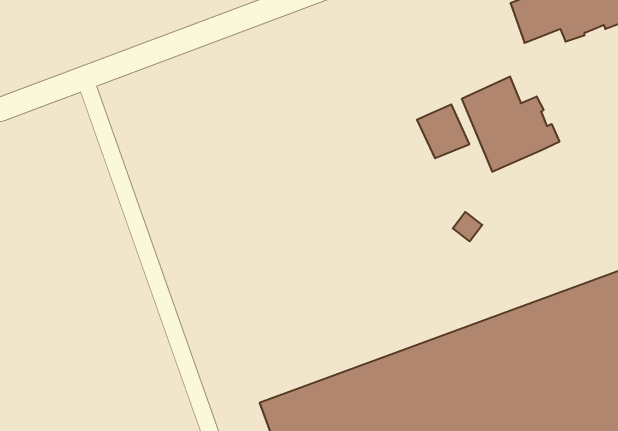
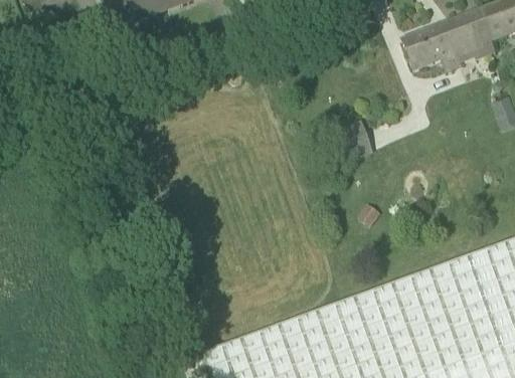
building: [462,76,559,172] -> none

